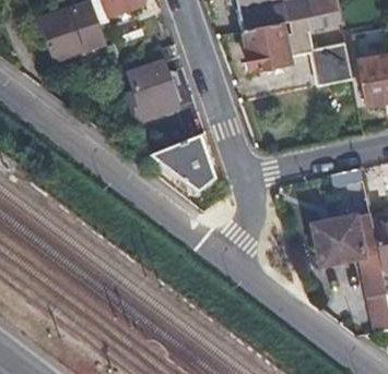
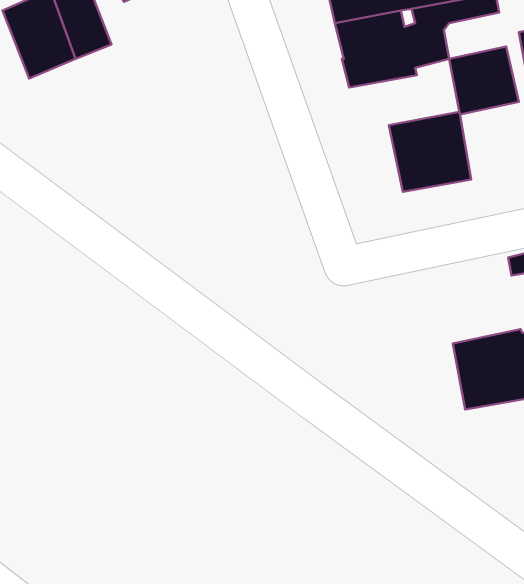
building: [128,61,175,118] -> none
building: none -> [389,112,471,192]
building: [148,135,213,190] -> none

